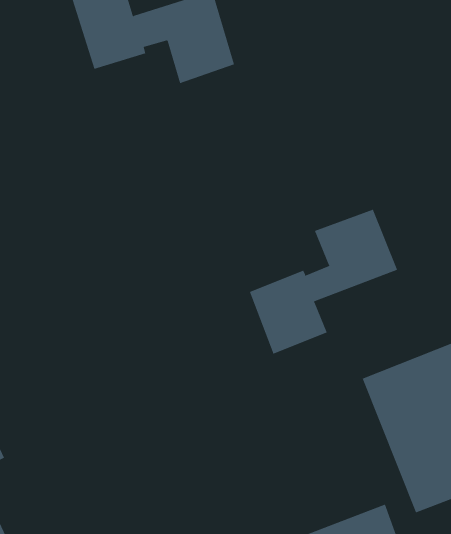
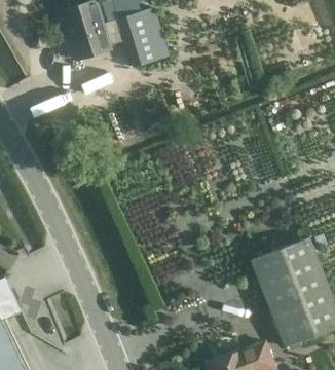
building: [249,209,398,355] -> none

